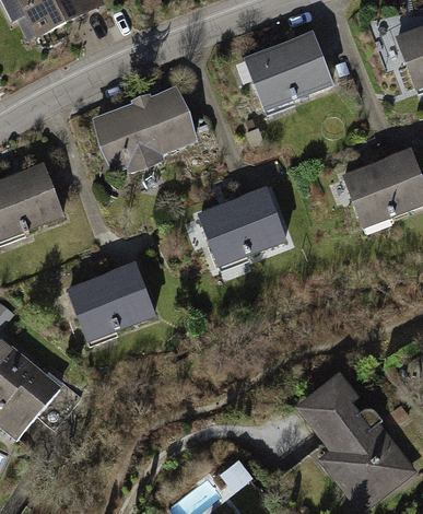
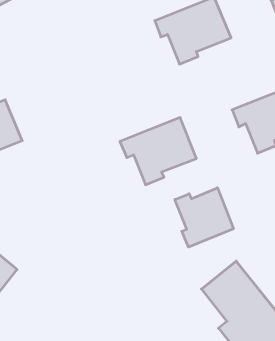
building: [89,84,201,174] -> none
building: [58,260,156,348] -> none
building: none -> [175,188,233,247]

